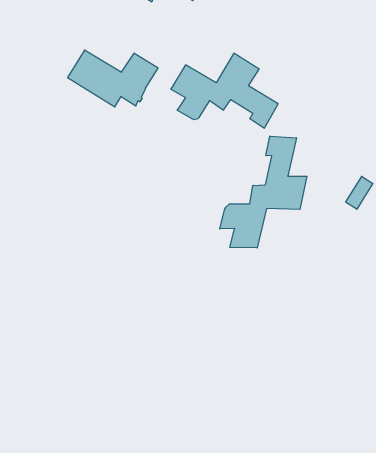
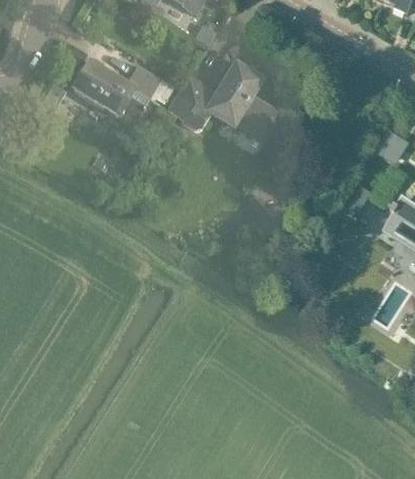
building: [220,136,307,248] -> none

